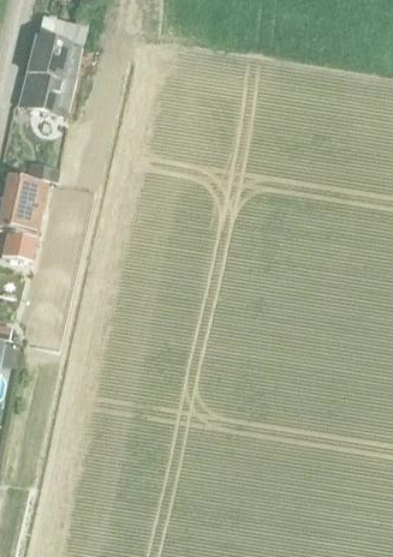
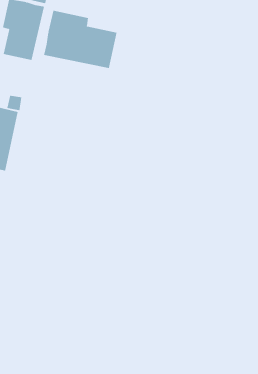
building: none -> [43,10,117,69]

